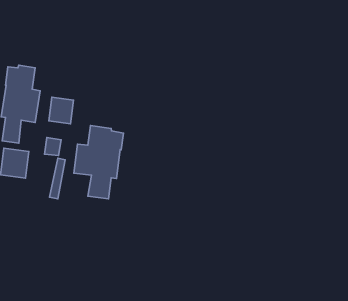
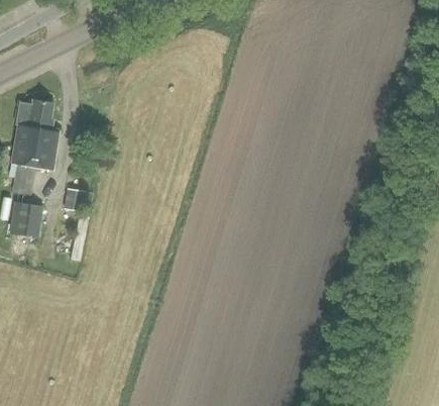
building: [49,97,74,124] -> none
building: [74,126,124,199] -> none

